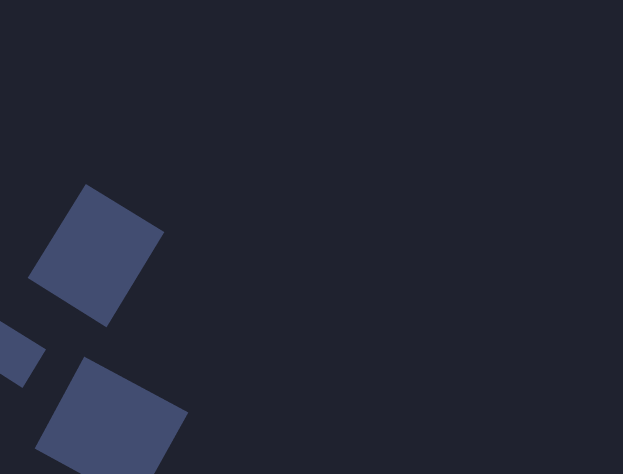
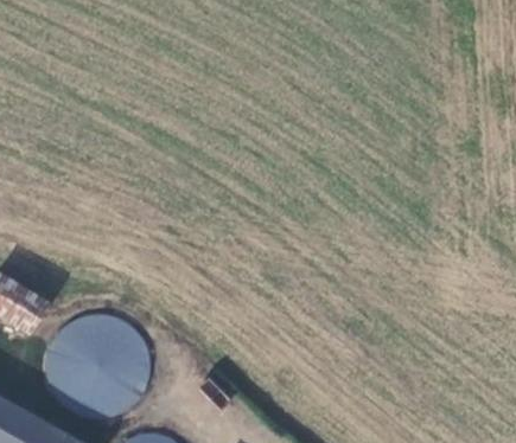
building: [26,183,165,329] -> none

